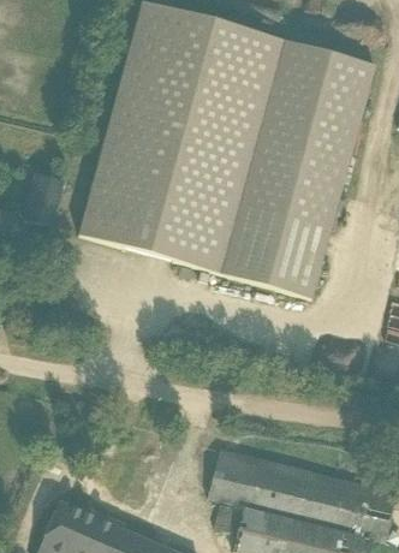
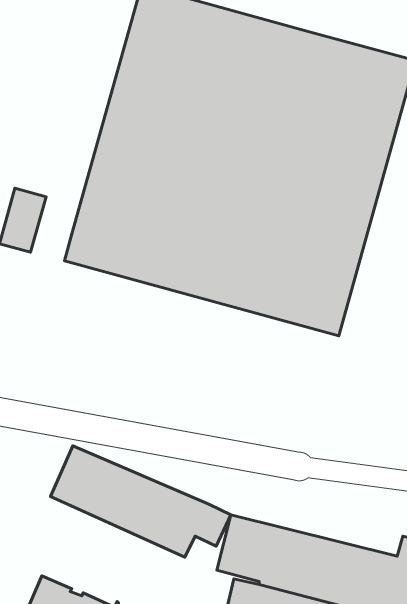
building: none -> [51,446,231,557]

